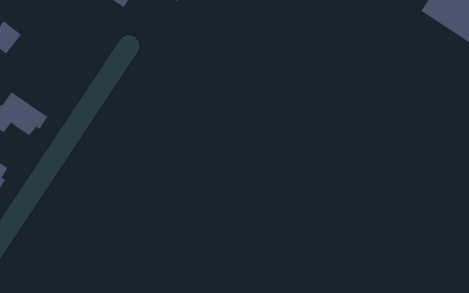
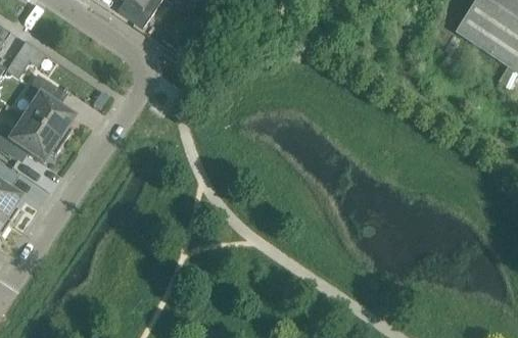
building: none -> [23,73,76,141]

